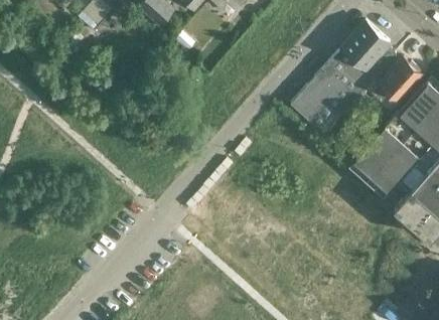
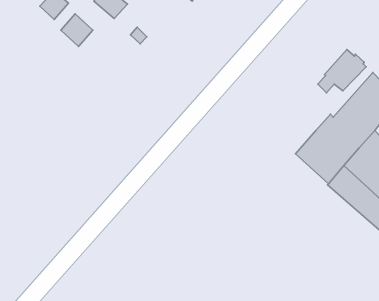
building: none -> [61,14,93,47]
building: [290,21,396,133] -> none

